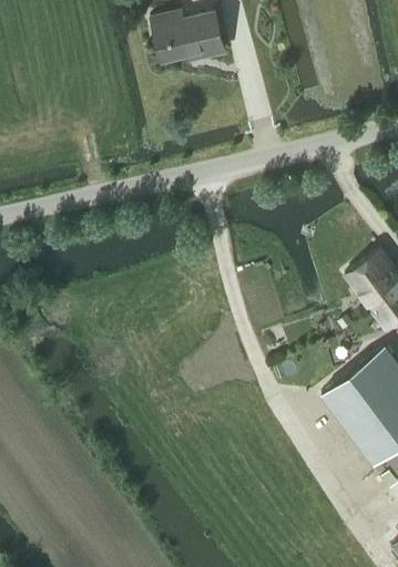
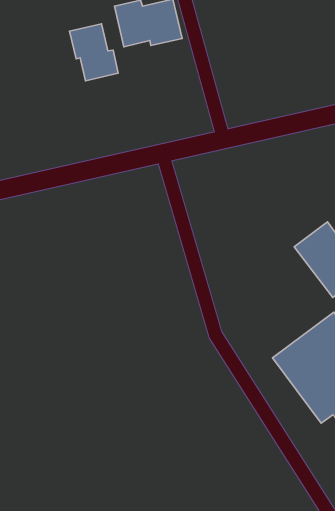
building: none -> [70,24,118,81]

